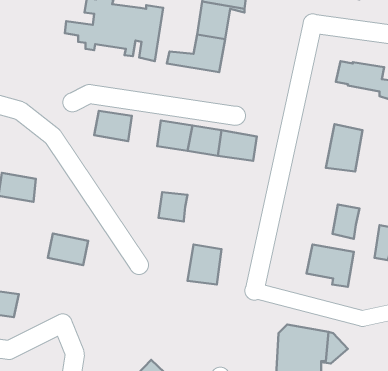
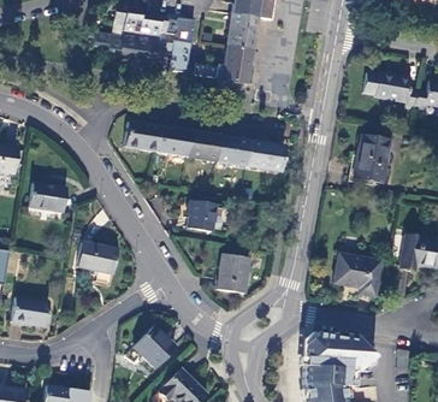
building: none -> [158,126,190,156]
building: [333,205,359,239] -> none
building: none -> [135,326,177,368]

